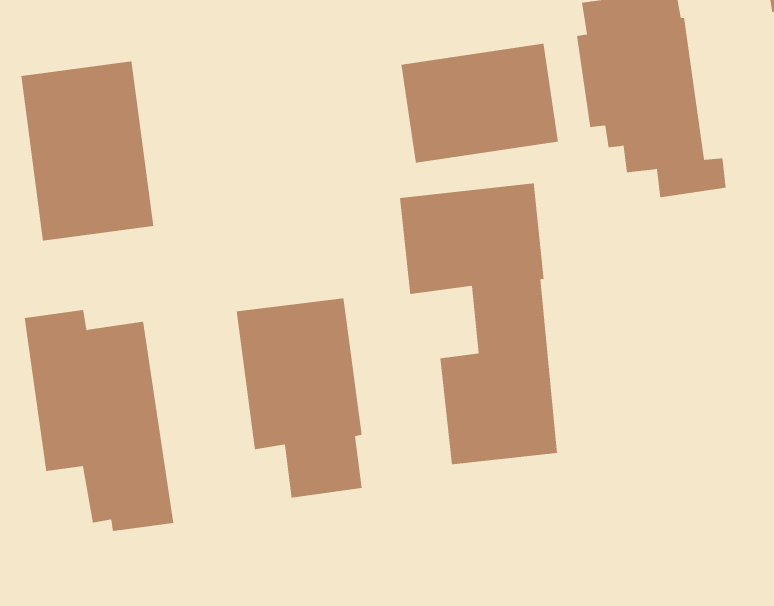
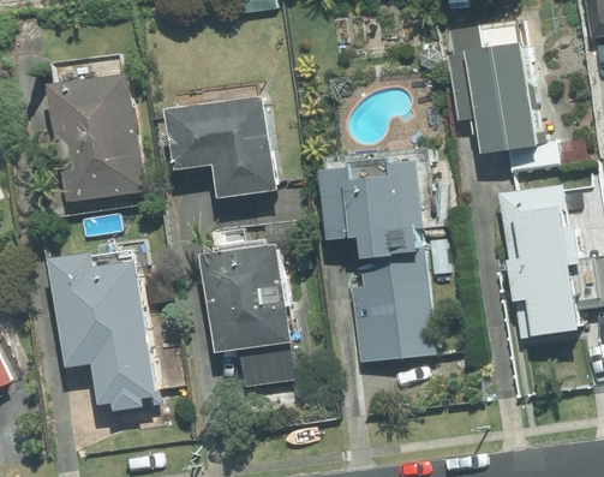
building: [401,43,558,164] -> none
building: none -> [168,95,280,198]
building: none -> [497,163,582,336]

